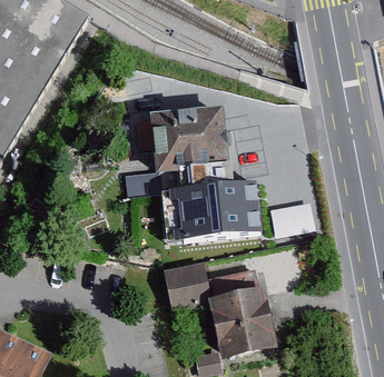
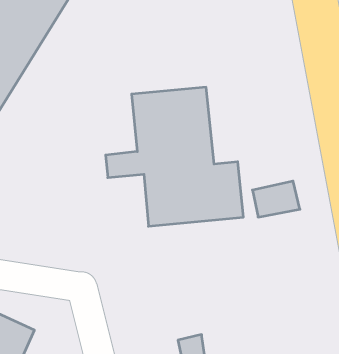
building: [163,262,269,360] -> none

